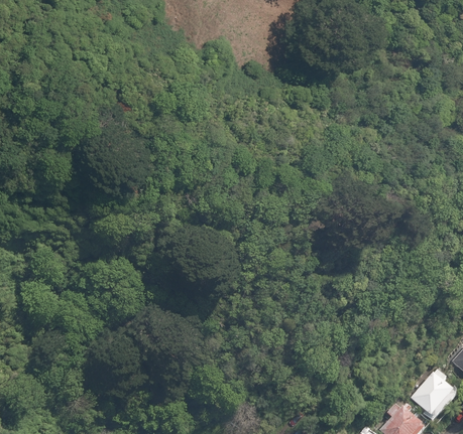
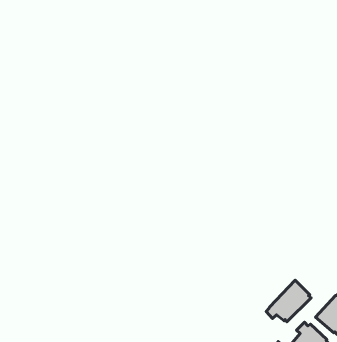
building: none -> [266,280,311,322]

